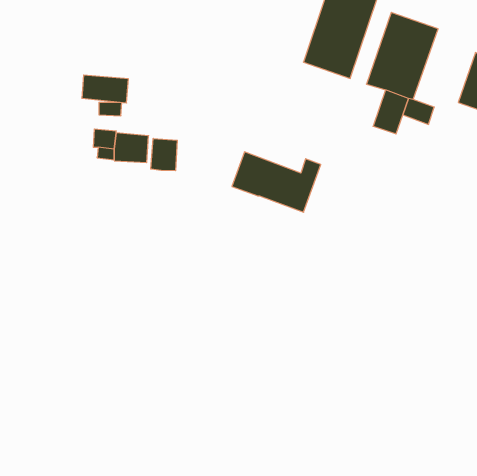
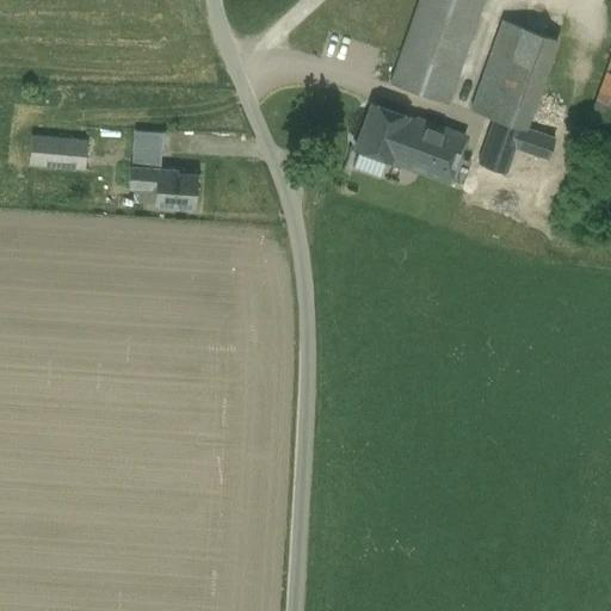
building: [82,75,128,103] -> [30,136,88,171]
building: [151,138,177,171] -> none
building: [232,152,321,212] -> [358,105,469,180]

